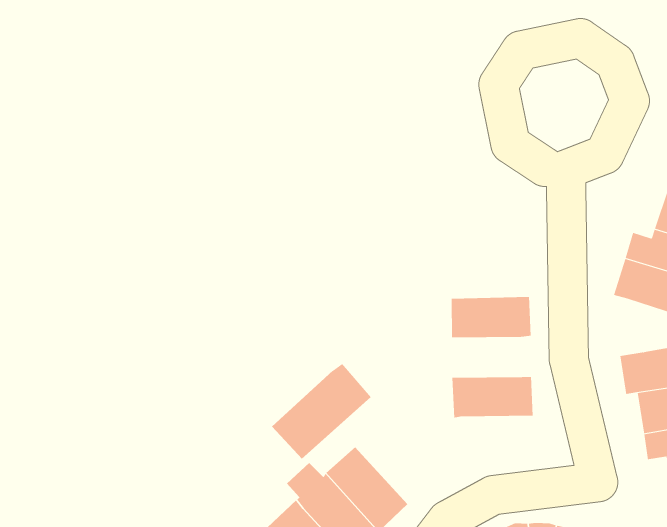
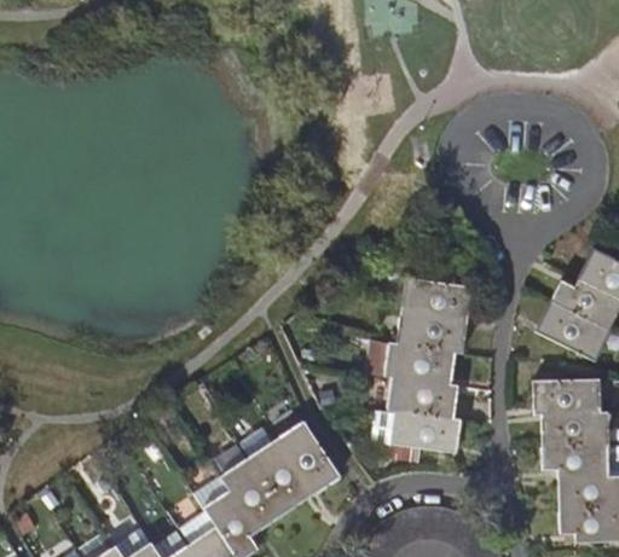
building: none -> [401,278,472,320]
building: none -> [384,343,455,385]
building: [271,363,372,460] -> none
building: none -> [389,411,461,453]

